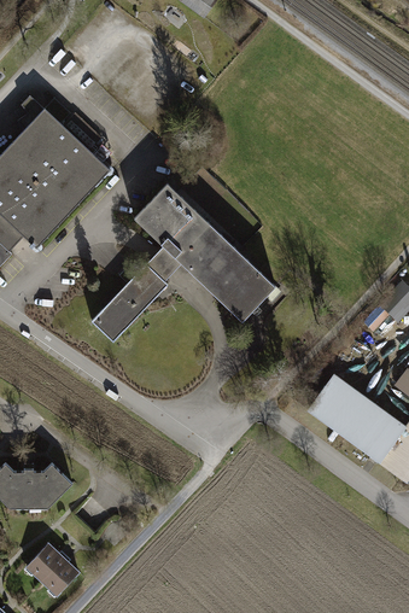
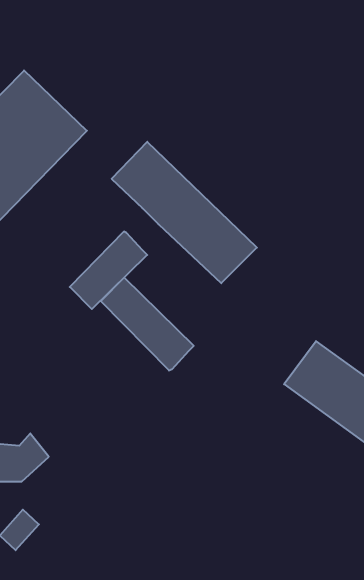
building: [148,244,180,285] -> none
building: none -> [101,278,194,371]
building: [40,554,80,594] -> none

